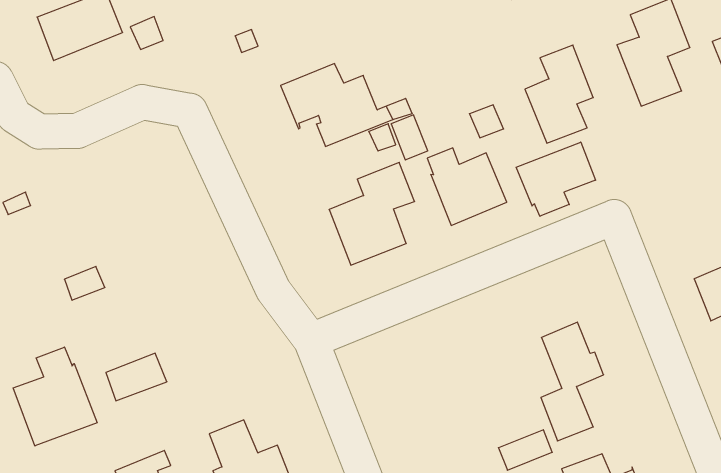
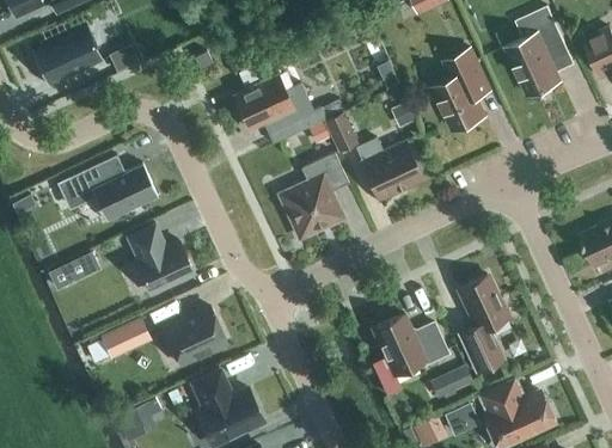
building: [516,142,596,216] -> none
building: none -> [56,155,158,222]
building: none -> [126,225,194,294]
building: none -> [160,303,228,368]
building: [13,347,97,446] -> none
building: none -> [372,314,449,375]

